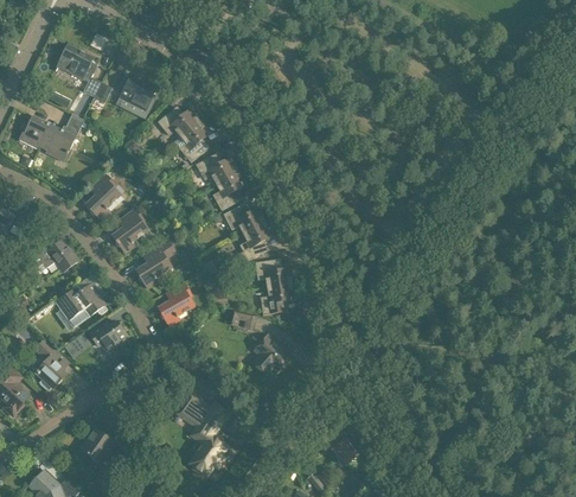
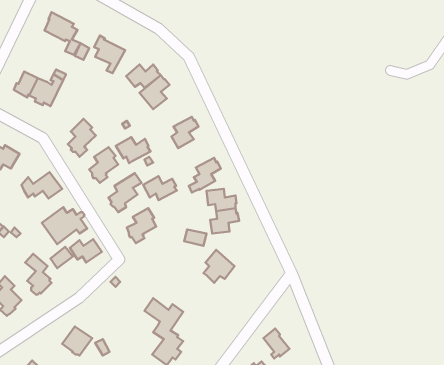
building: [194,154,237,186] -> [116,137,151,163]
building: [223,204,264,234] -> [143,176,177,200]

